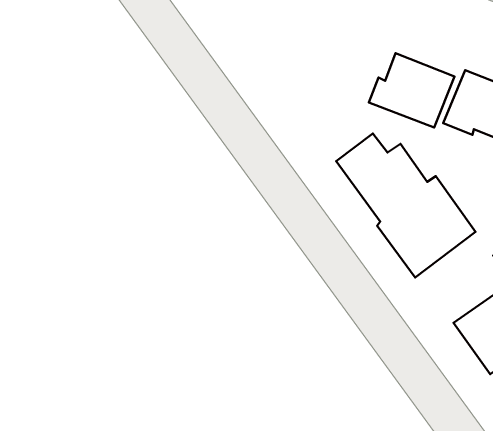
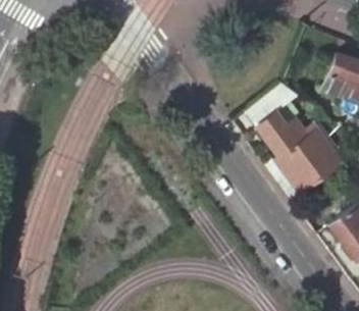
building: [369,53,455,127] -> none

